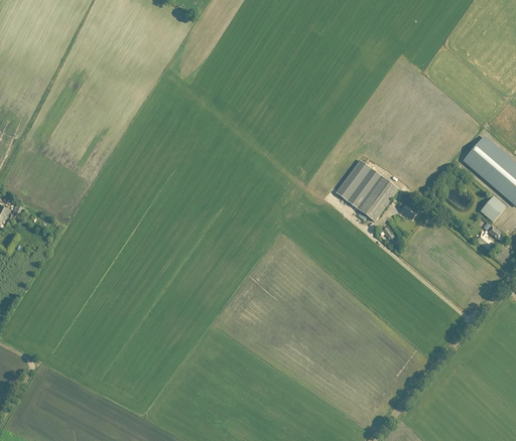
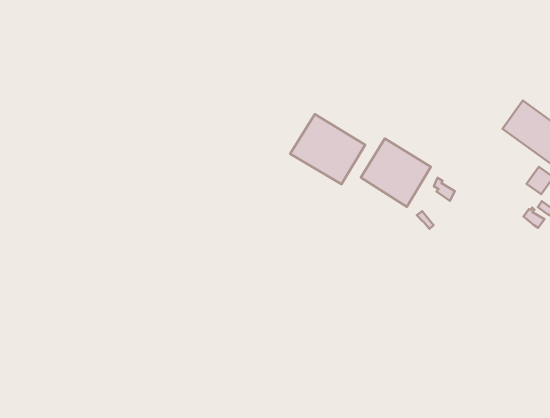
building: none -> [290,114,365,184]

